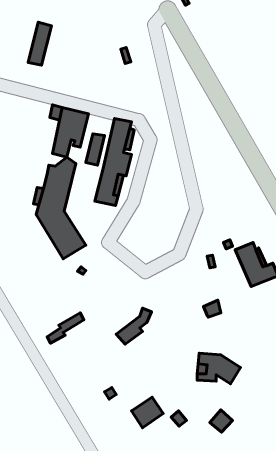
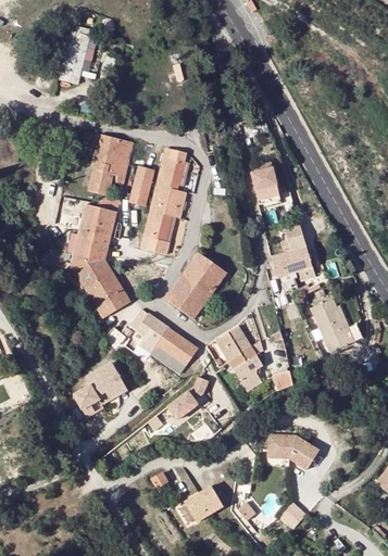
building: none -> [251,166,279,203]
building: none -> [271,223,314,279]
building: none -> [165,253,224,318]
building: none -> [130,308,198,375]
building: none -> [214,325,263,390]
building: none -> [70,364,123,412]

